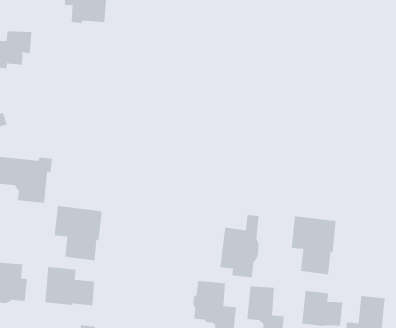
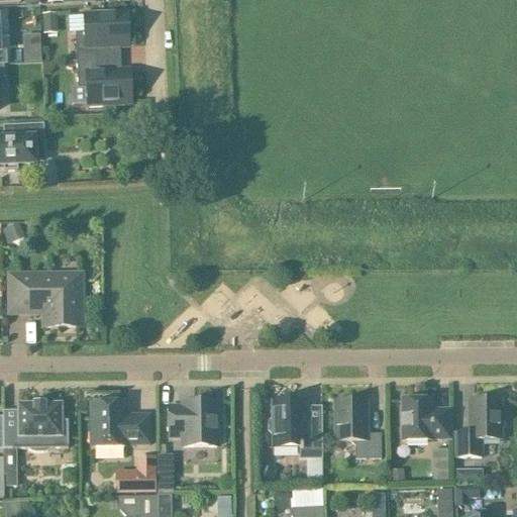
building: [54,205,102,261] -> none
building: [220,214,259,278] -> none
building: [291,215,336,275] -> none
building: none -> [169,399,216,443]

